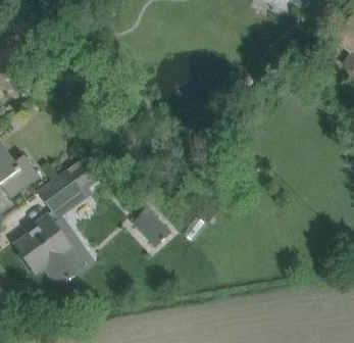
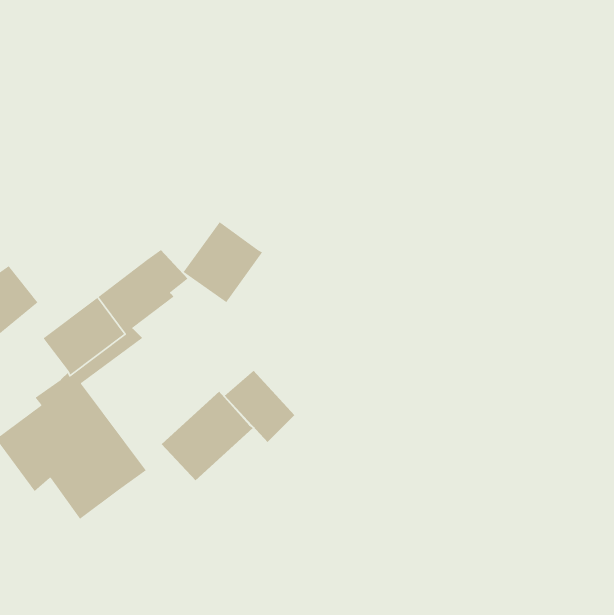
building: none -> [183,221,263,303]
building: none -> [161,391,254,481]

